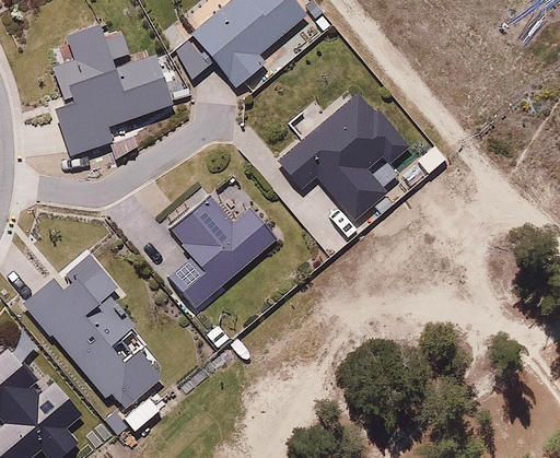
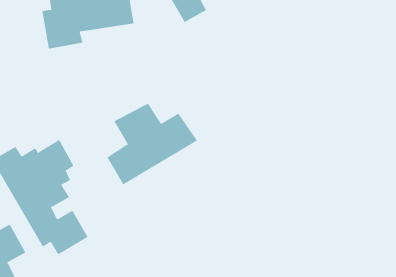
building: [272,86,409,224] -> none

